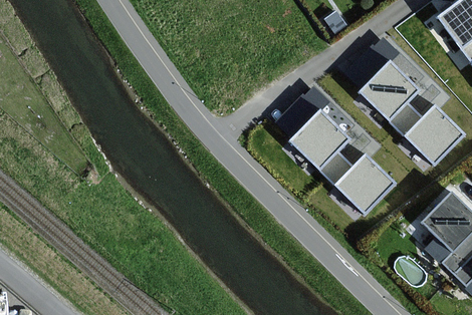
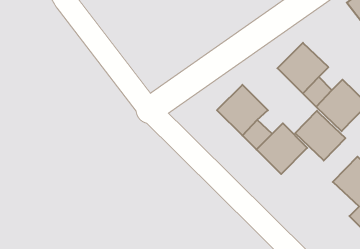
building: none -> [295,111,345,161]

